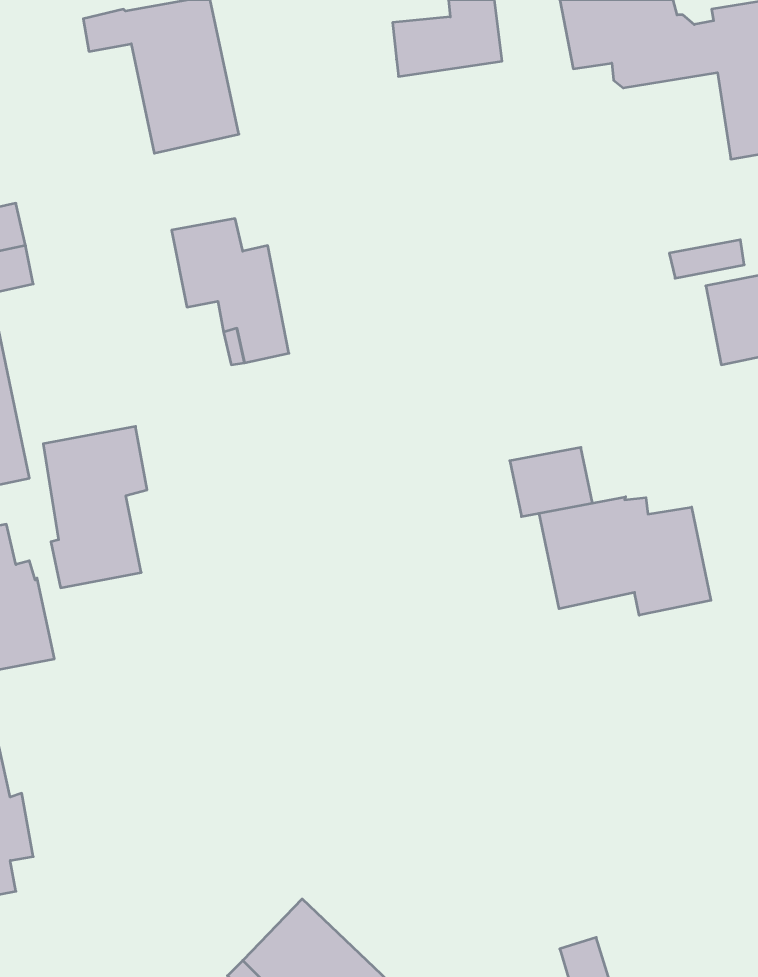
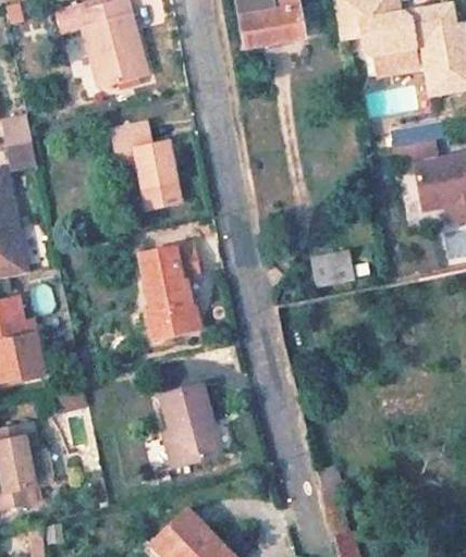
building: none -> [368,44,415,72]
building: [43,426,147,588] -> [140,244,199,335]
building: [539,497,711,615] -> none
building: none -> [164,386,222,462]

